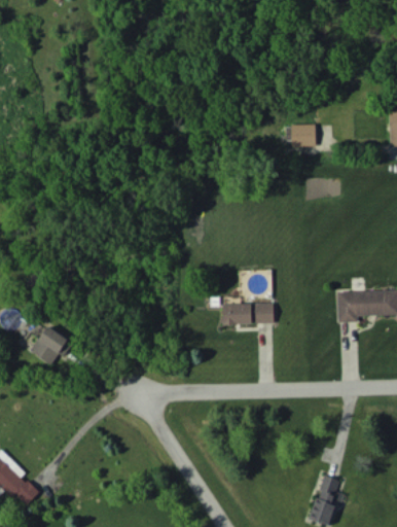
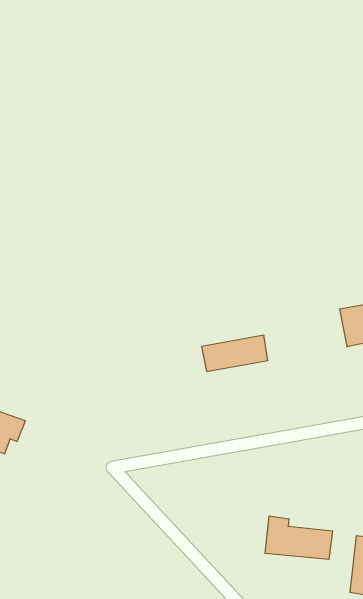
building: [291,124,316,146] -> none
building: none -> [265,516,332,559]

